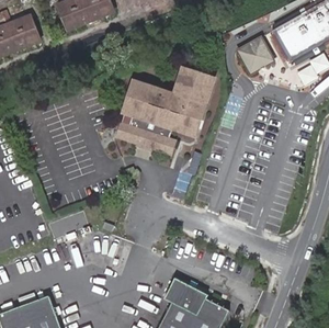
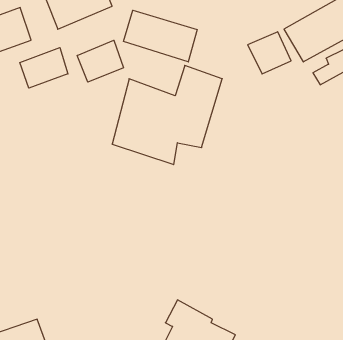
building: none -> [123,10,197,62]
building: none -> [77,40,124,82]
building: none -> [20,48,68,88]

